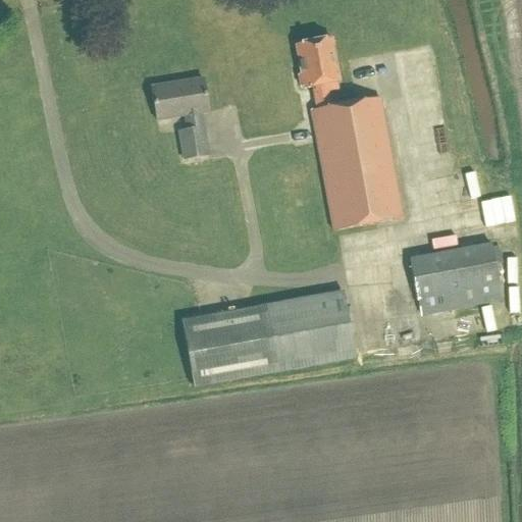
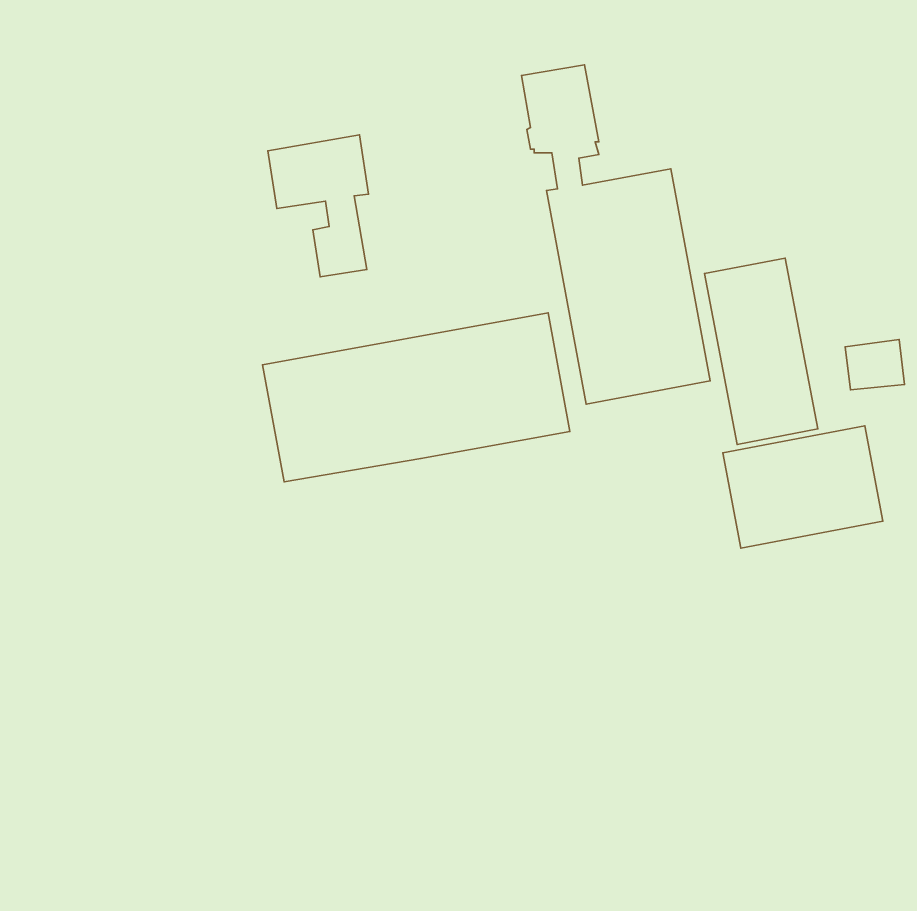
building: none -> [705,258,818,444]
building: [181,290,356,385] -> [262,313,570,482]

